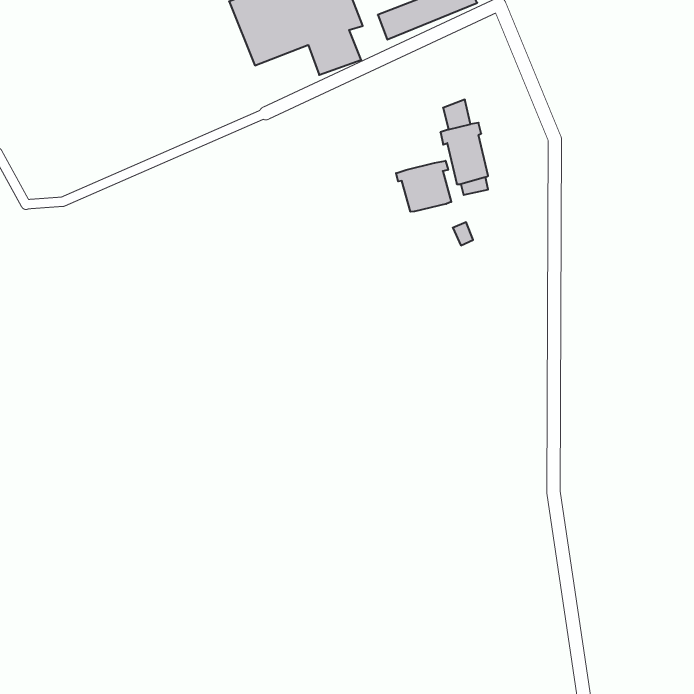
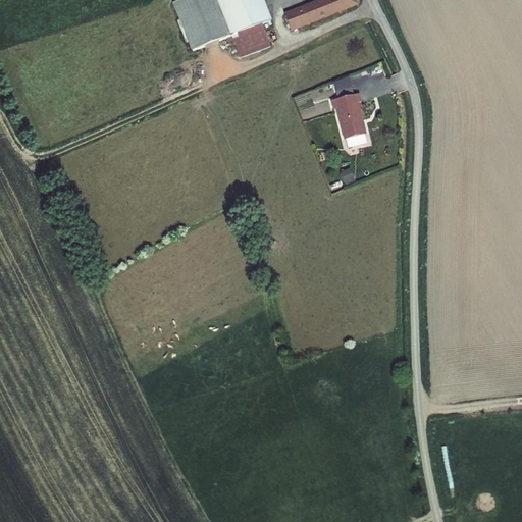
building: [396,161,451,212] -> none

